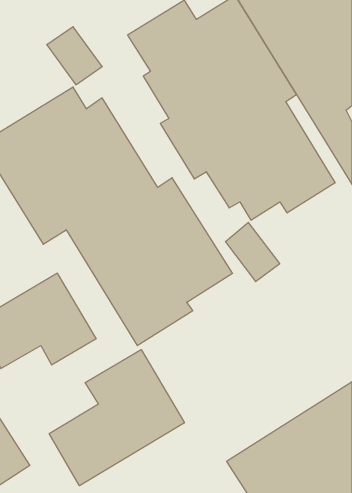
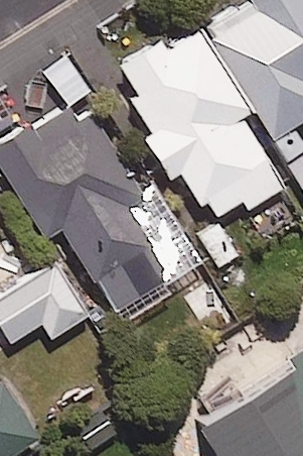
building: [49,350,184,486] -> none

